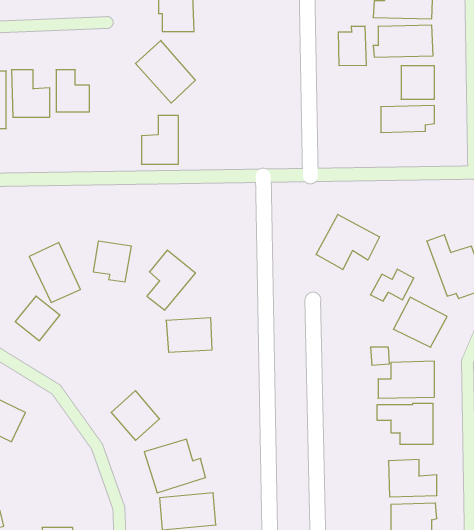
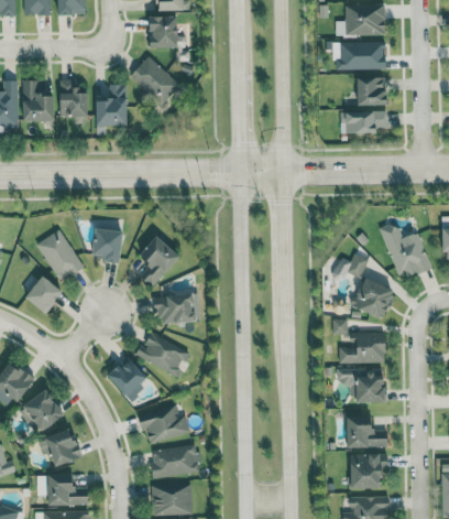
building: [338,26,366,66] -> none
building: [141,116,178,164] -> [96,84,128,126]
building: [316,214,380,270] -> none
building: none -> [136,332,188,377]
building: none -> [23,390,66,433]
building: none -> [46,430,80,466]

